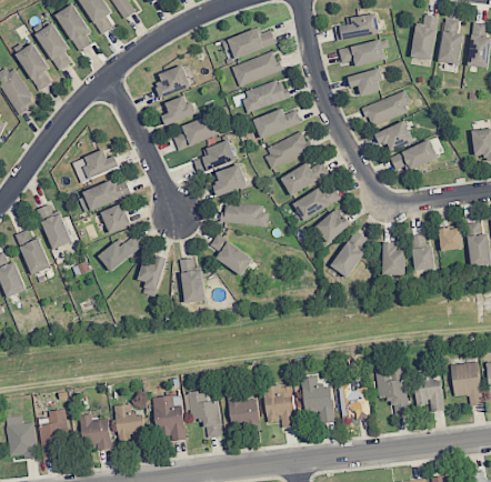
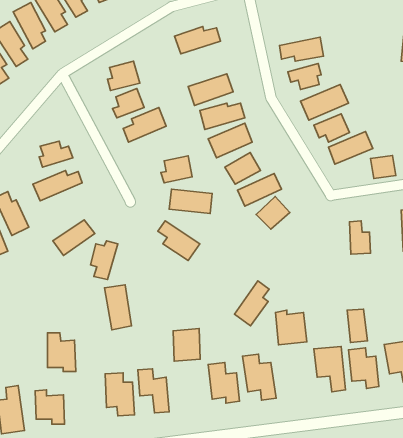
building: [335,14,380,39] -> none
building: [412,14,438,59] -> none
building: [439,18,463,64] -> none
building: [232,51,282,87] -> none
building: [194,140,237,172] -> none
building: [102,204,130,232] -> none
building: [438,227,464,251] -> [371,156,396,179]
building: [331,230,368,278] -> [235,281,269,326]
building: [382,242,407,274] -> none
building: [177,257,206,304] -> [104,285,132,330]
building: none -> [347,309,368,342]
building: [339,383,372,420] -> [275,310,307,345]
building: [230,395,259,430] -> [173,329,200,361]
building: [117,404,147,445] -> [47,333,76,372]

